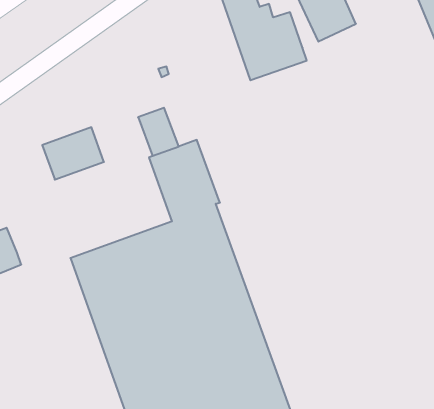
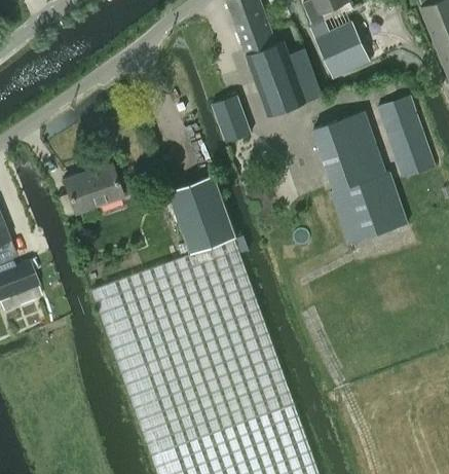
building: none -> [376,96,435,178]
building: none -> [309,111,407,245]
building: [138,108,179,156] -> [211,95,251,142]

